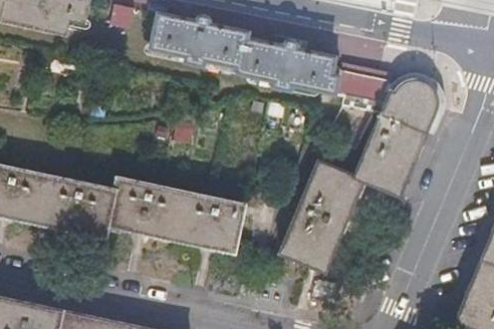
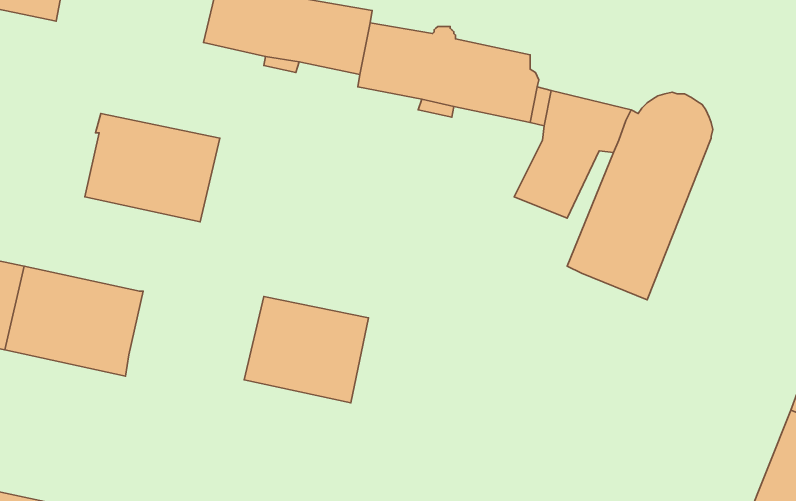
building: [280,160,364,272] -> none
building: [108,179,185,240] -> [85,113,220,222]

